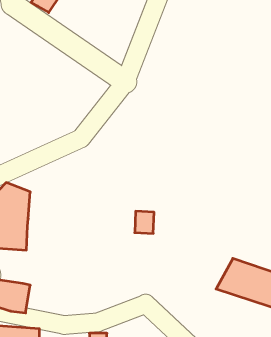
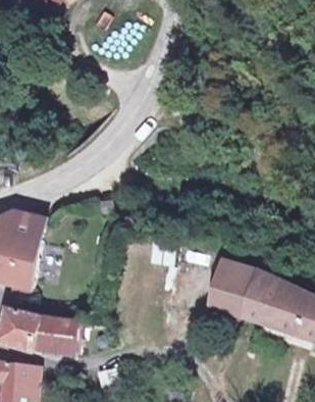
building: none -> [213,262,266,319]
building: none -> [33,315,75,346]

